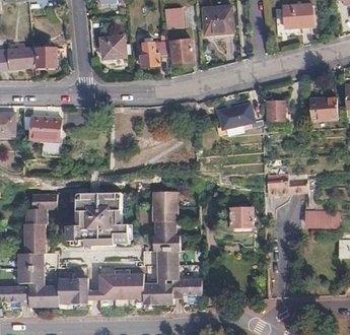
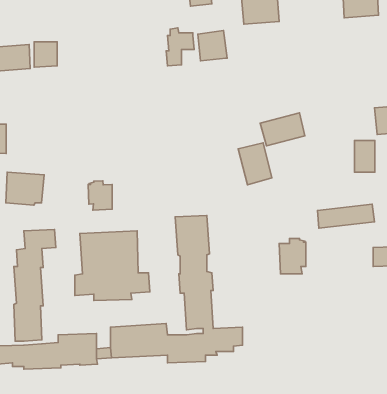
building: [100,37,125,59] -> none
building: [267,102,283,127] -> [354,141,375,172]
building: [30,115,61,141] -> [6,172,44,205]
building: none -> [238,143,272,185]
building: none -> [88,181,112,210]

